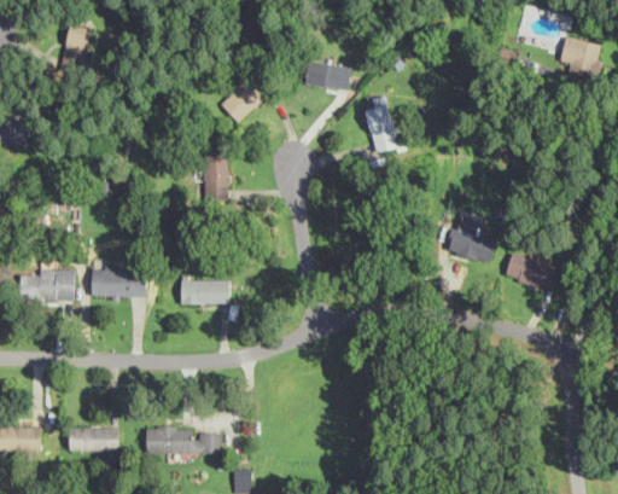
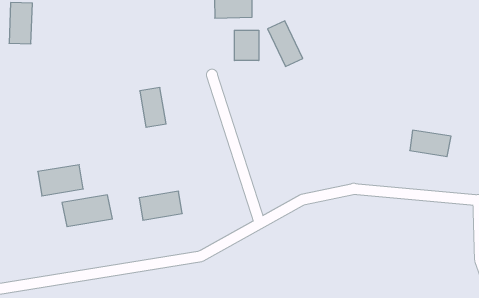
building: [218,72,268,122] -> none
building: none -> [234,30,259,61]
building: [445,225,496,262] -> none
building: [23,269,72,298] -> [38,165,83,196]

